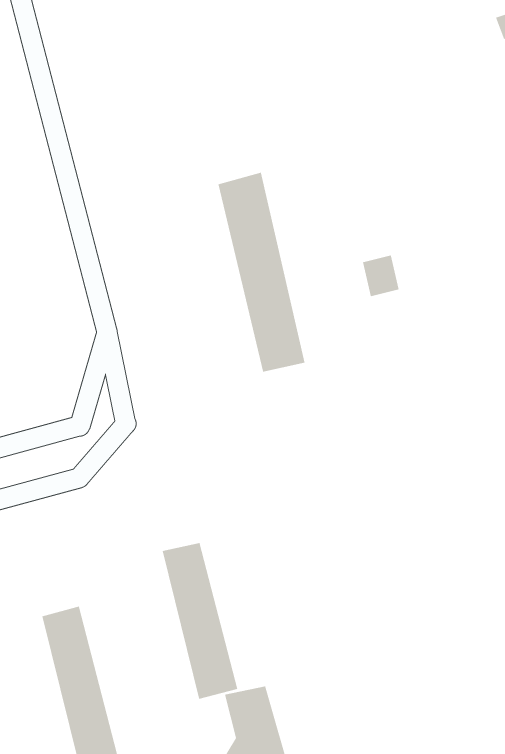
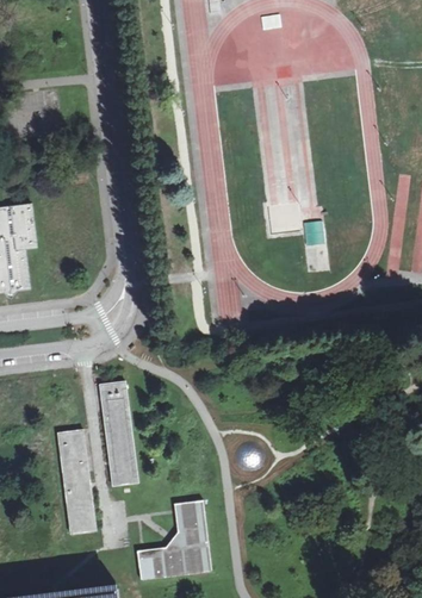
building: [218,172,305,372] -> none
building: [162,543,238,699] -> [99,381,138,486]

